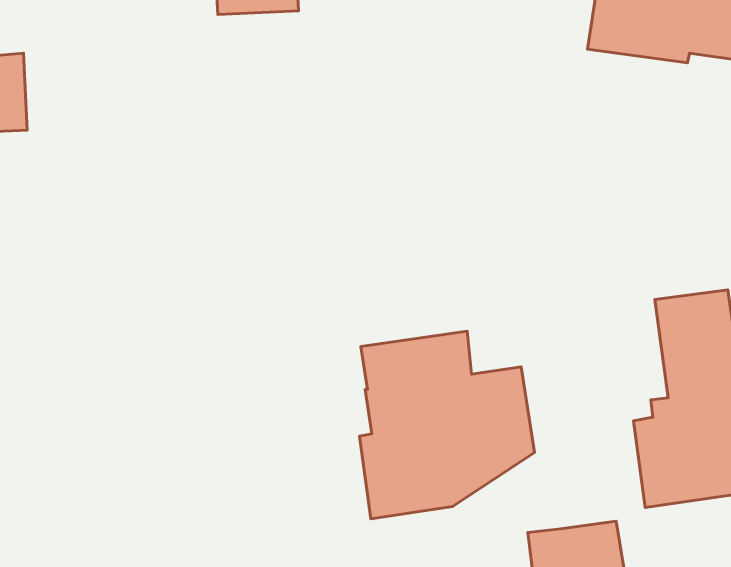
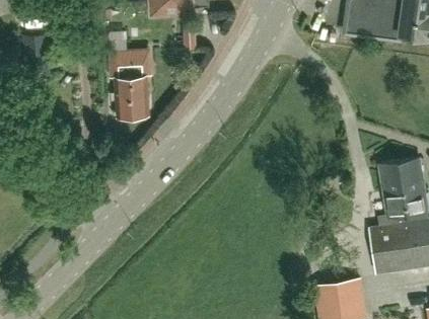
building: none -> [106,49,151,116]
building: [359,331,535,519] -> none

